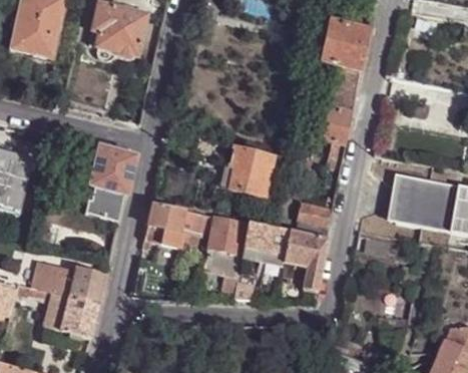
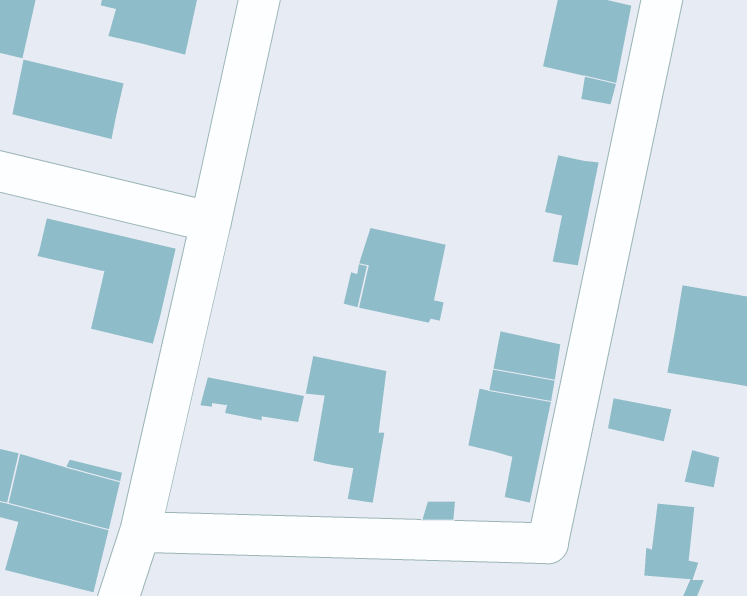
building: none -> [12,59,124,140]
building: [148,204,203,235] -> none
building: [242,222,291,264] -> none

